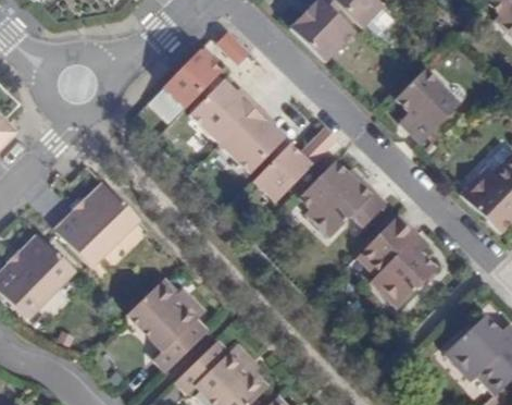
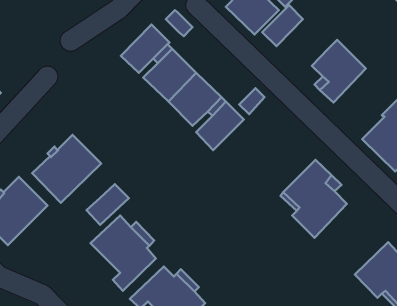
building: none -> [262,5,303,46]
building: [299,159,387,237] -> none
building: none -> [86,184,129,225]

